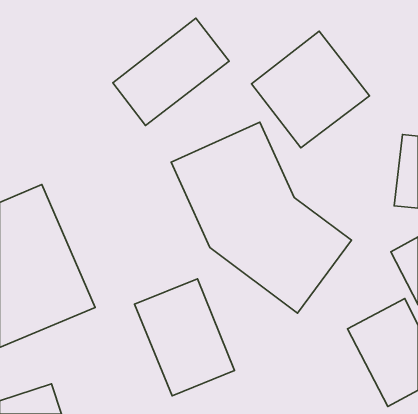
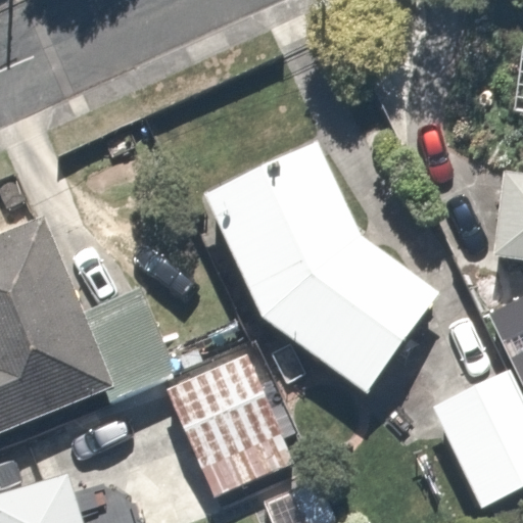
building: [113,18,229,126] -> none
building: [252,31,369,148] -> none

